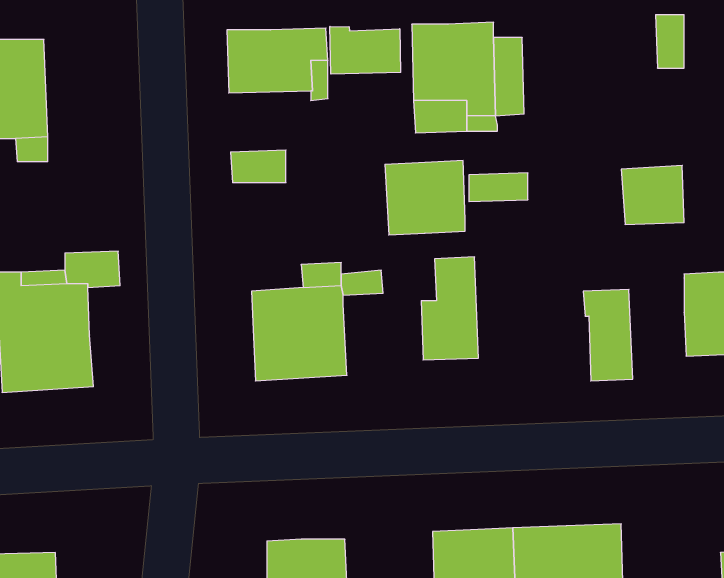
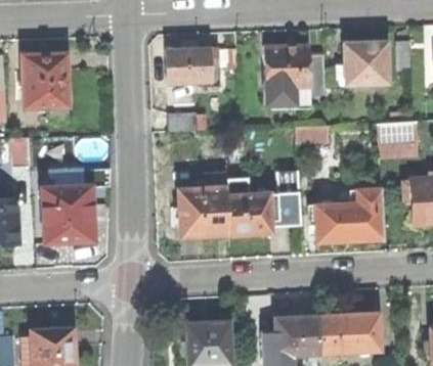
building: none -> [344,42,387,83]
building: [330,26,401,74] -> none
building: [385,161,465,235] -> [227,194,270,234]
building: none -> [315,189,360,241]

